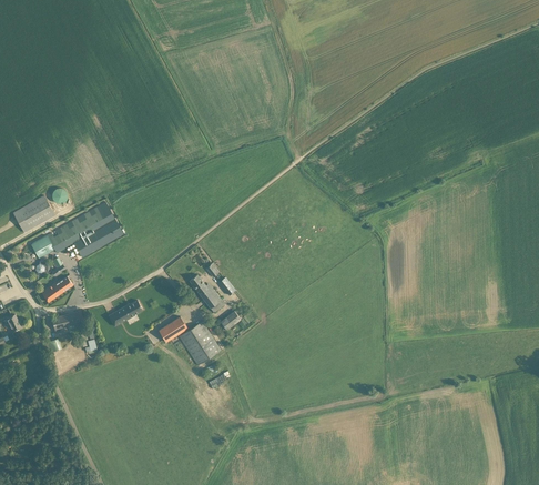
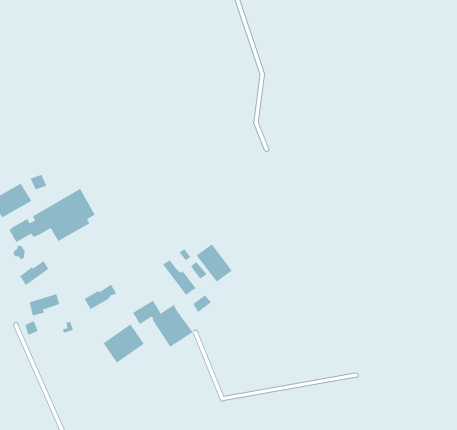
building: none -> [196,243,233,282]
building: none -> [103,323,145,363]

